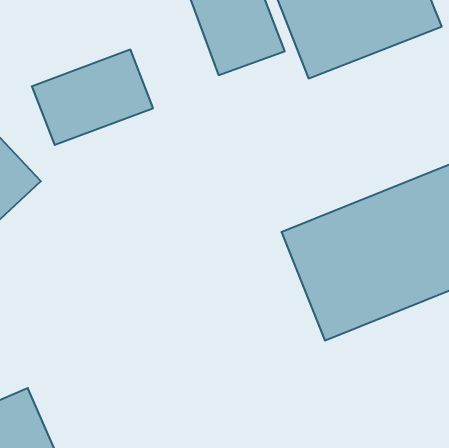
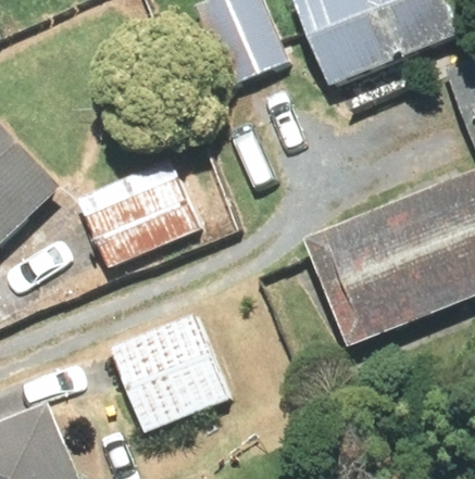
building: [32,50,153,145] -> [87,168,209,264]
building: none -> [114,307,241,436]

